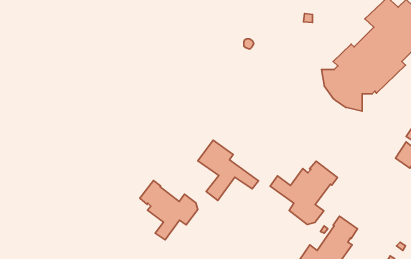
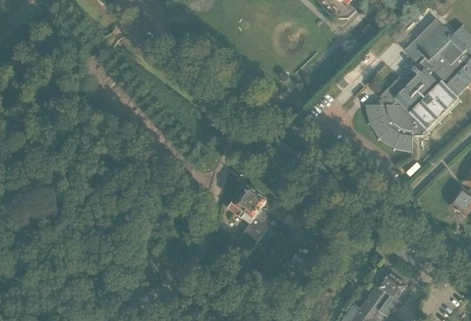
building: [270,161,337,225] -> none
building: [140,180,198,240] -> none

